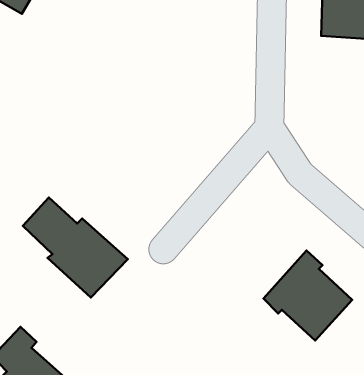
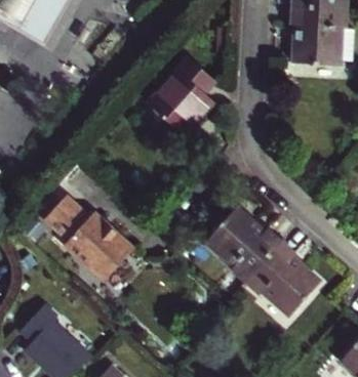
building: none -> [150,59,216,136]
building: none -> [206,207,282,282]

